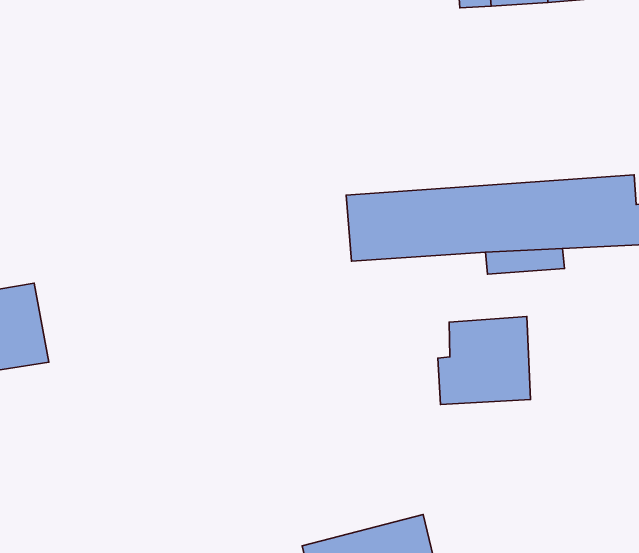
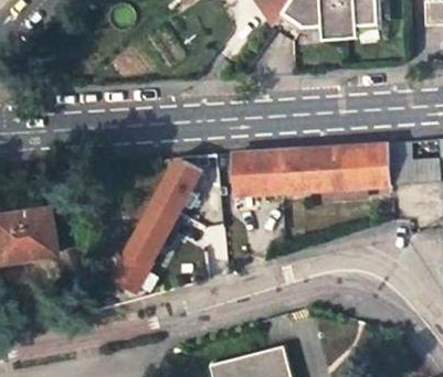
building: none -> [110,155,218,292]
building: [438,316,530,404] -> none

